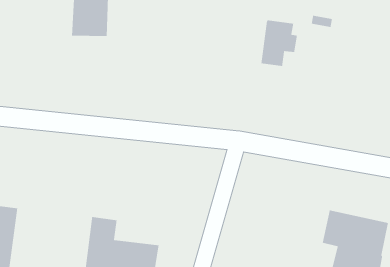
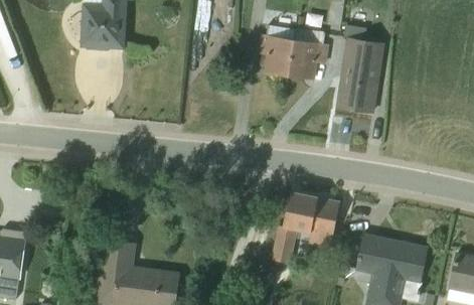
building: none -> [257,26,294,77]
building: none -> [337,38,382,113]
building: none -> [271,193,339,268]

